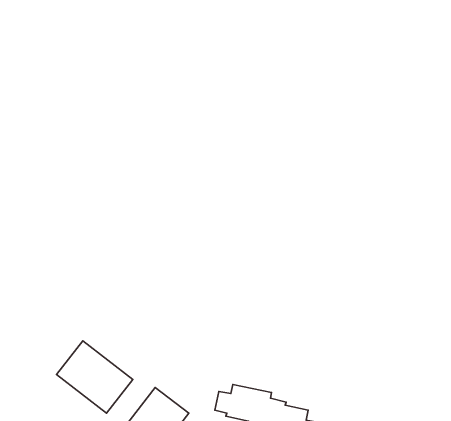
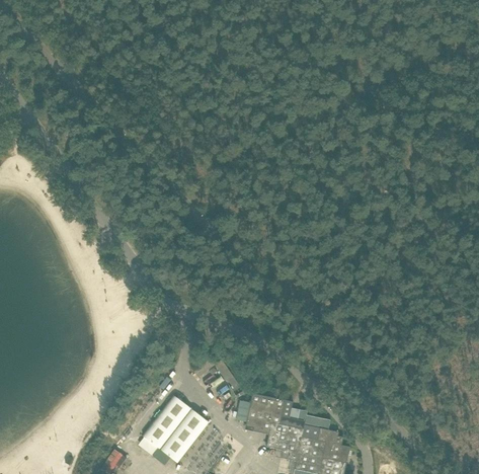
building: [57,341,133,413] -> none

